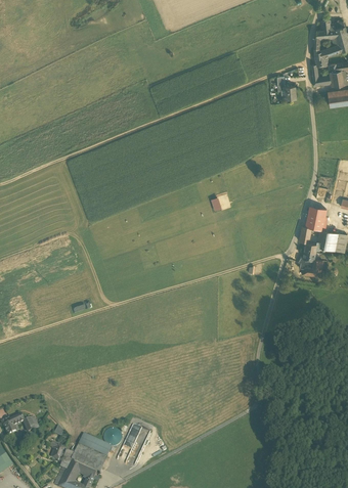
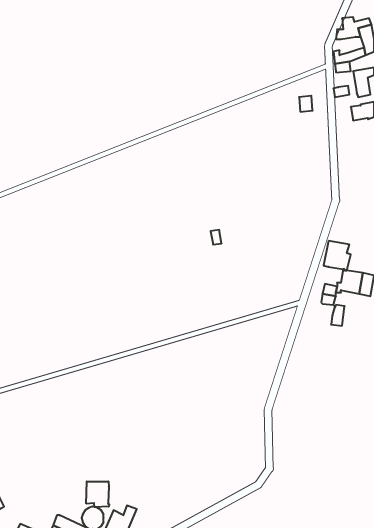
building: none -> [86,481,109,507]

